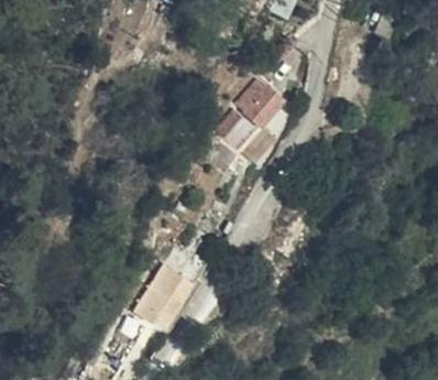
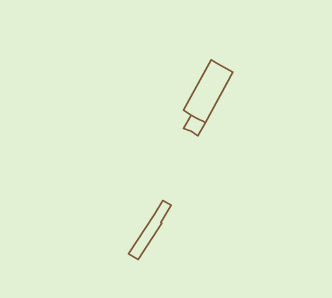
building: [135,250,197,318] -> none

